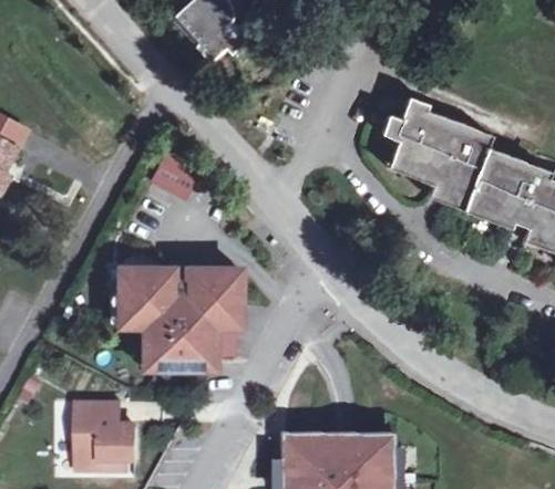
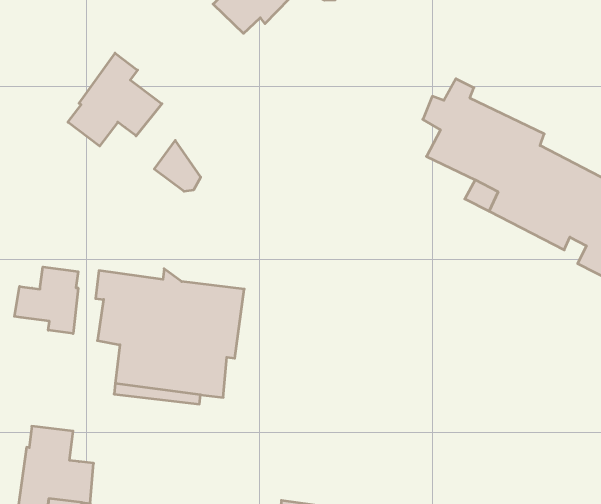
building: none -> [68,53,162,146]
building: none -> [14,267,78,334]

